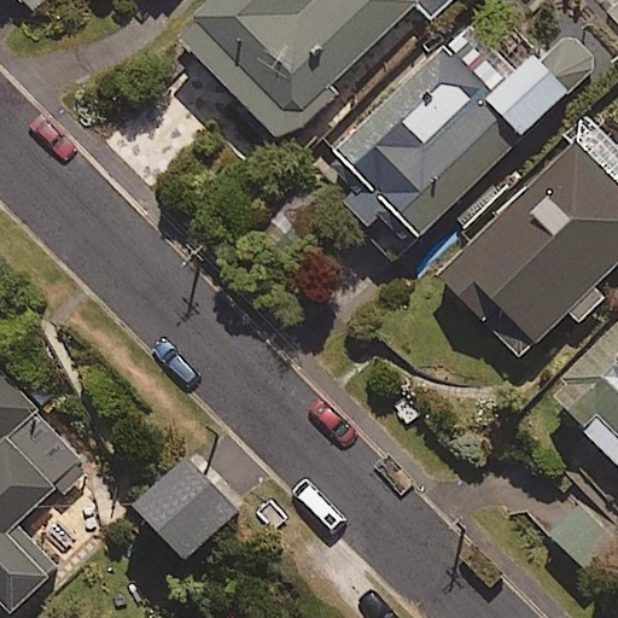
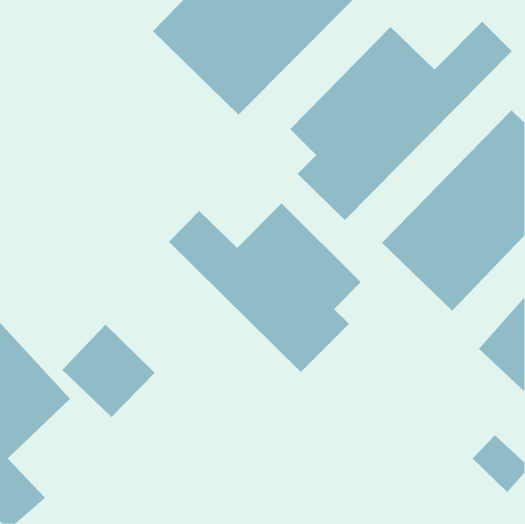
building: none -> [168,202,361,373]
building: [136,461,245,570] -> [62,324,155,418]

